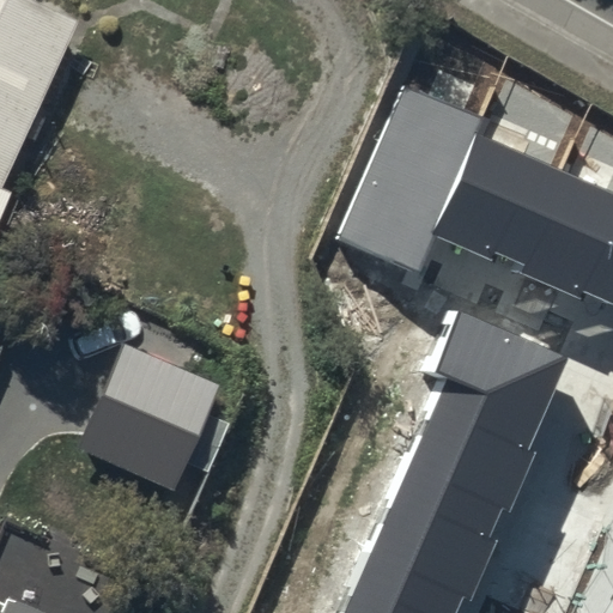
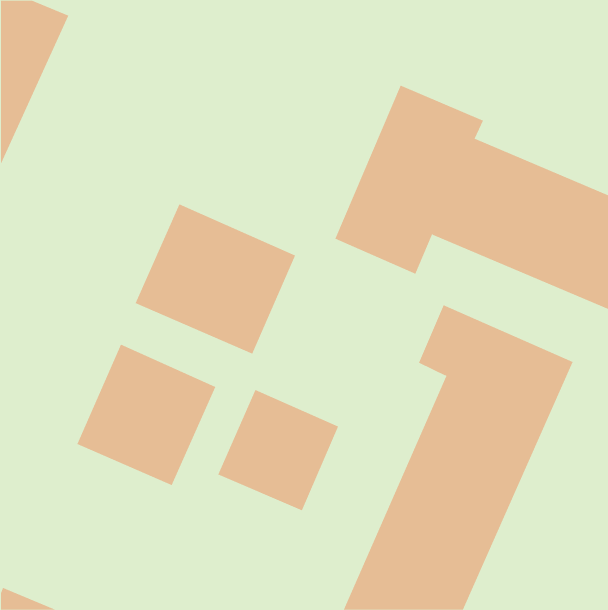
building: none -> [135,203,296,355]
building: none -> [217,389,339,511]

